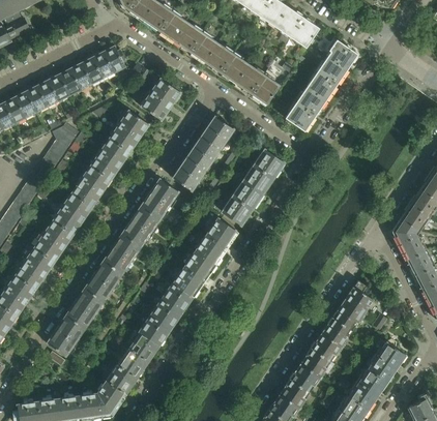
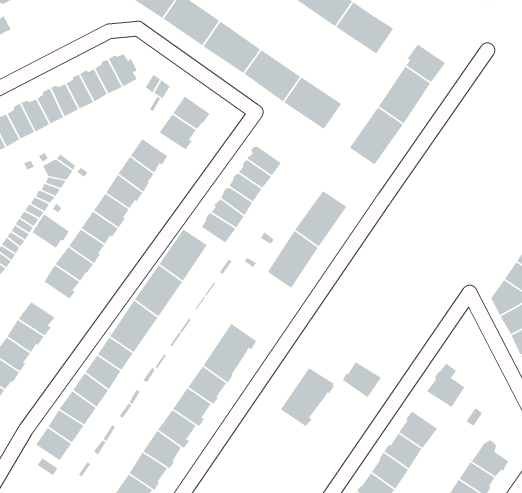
building: [196,218,237,264] -> [280,367,335,427]
building: [45,219,74,246] -> [32,213,70,249]
building: [332,302,362,330] -> [342,361,382,398]

